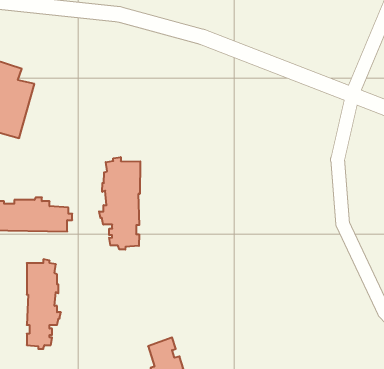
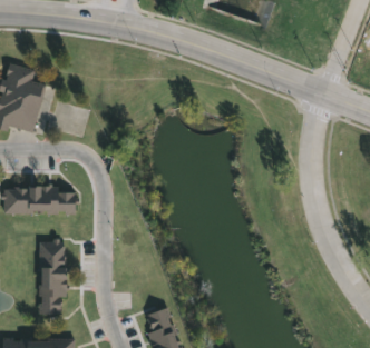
building: [99,157,140,250] -> none

